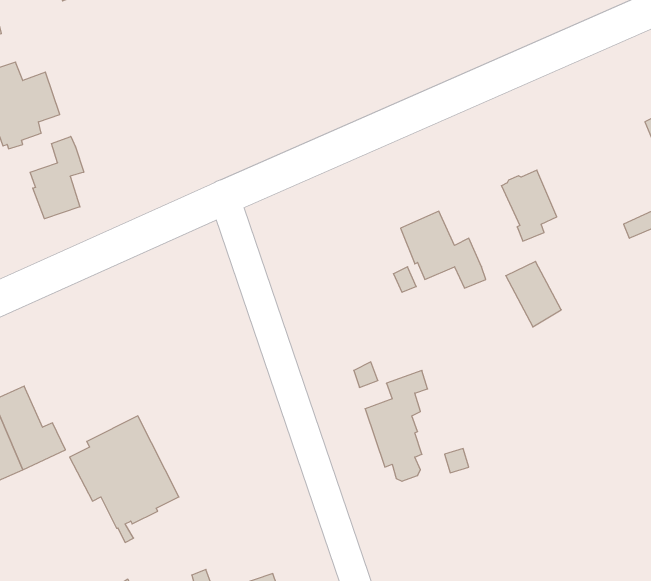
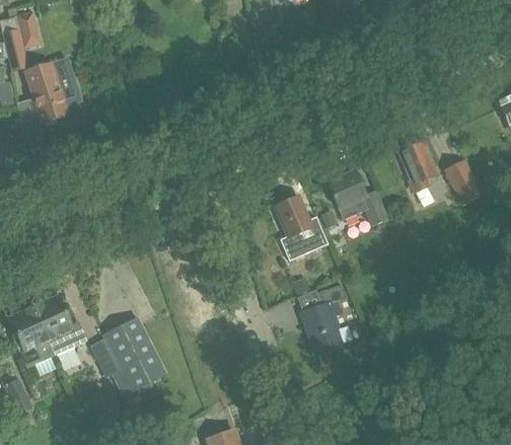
building: [30,136,84,219] -> none
building: none -> [273,195,327,259]
building: [506,261,561,327] -> [443,158,483,205]

